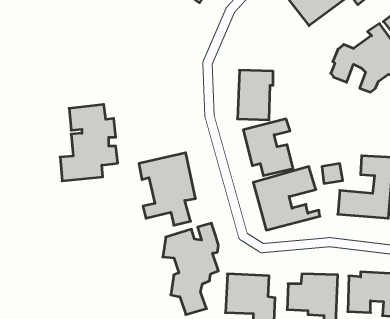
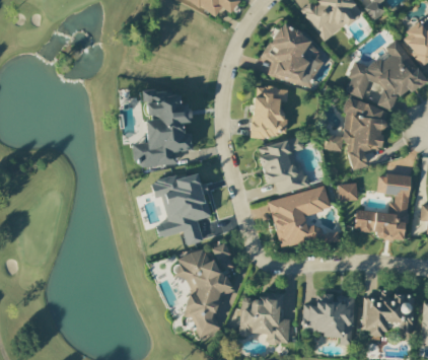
building: none -> [260,21,324,85]
building: none -> [326,100,384,169]
building: [60,104,118,181] -> [134,89,193,167]

